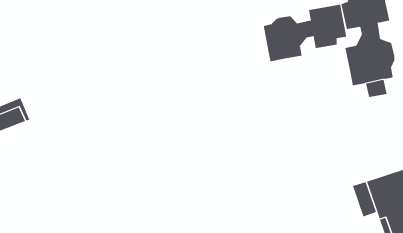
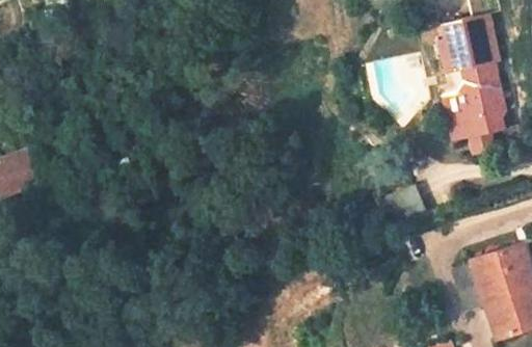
building: [263,4,347,62] -> none

